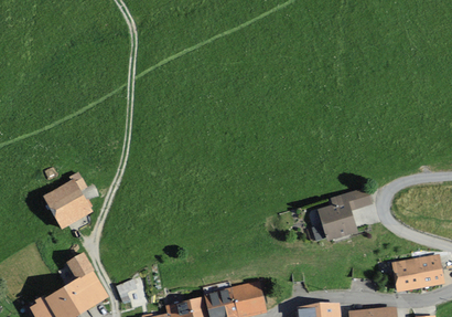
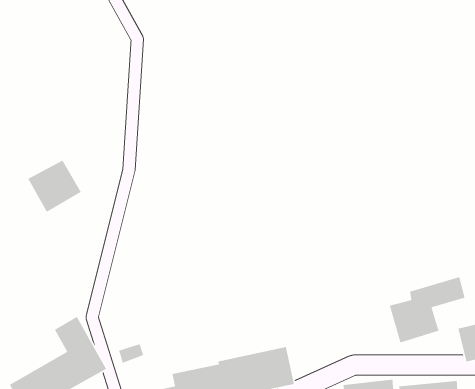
building: [47,184,92,228] -> [27,159,82,213]
building: [308,186,369,240] -> [389,276,465,343]

